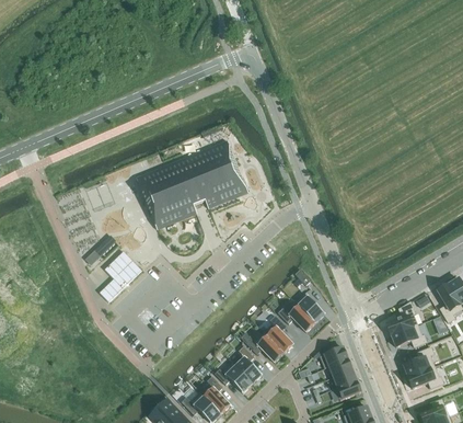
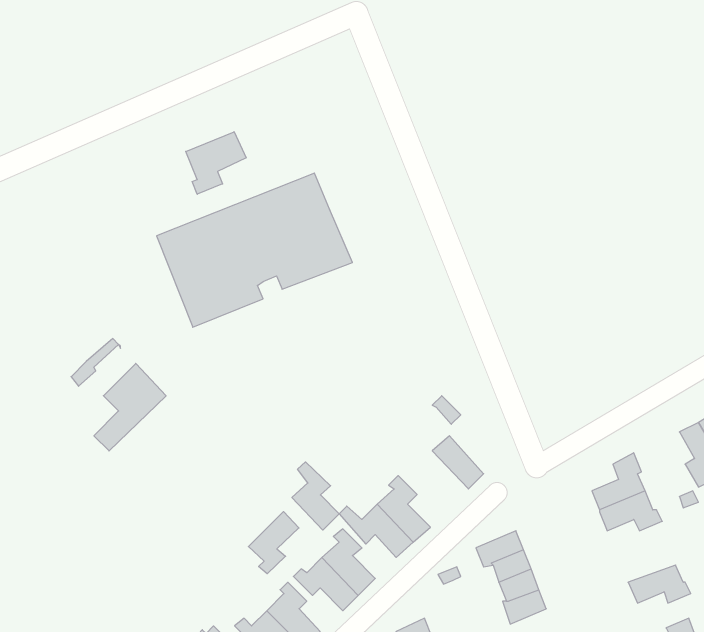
building: none -> [186,132,246,194]
building: [277,300,315,331] -> none
building: none -> [292,462,339,530]
building: none -> [248,512,299,574]
building: [403,346,435,376] -> none

